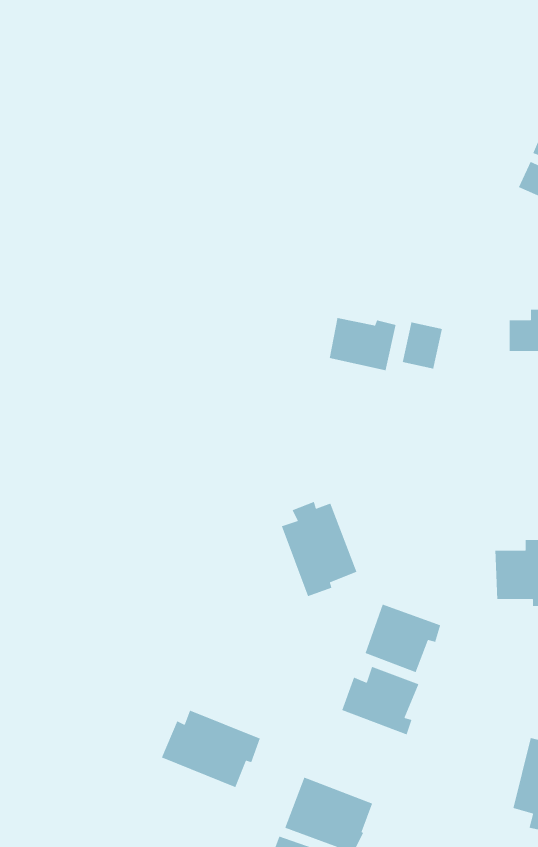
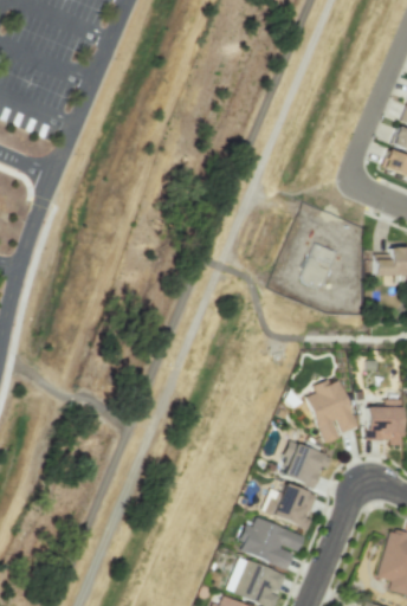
building: [329,317,396,371] -> none
building: [281,501,357,597] -> [306,379,357,443]
building: [161,710,261,788] -> [237,517,303,569]

